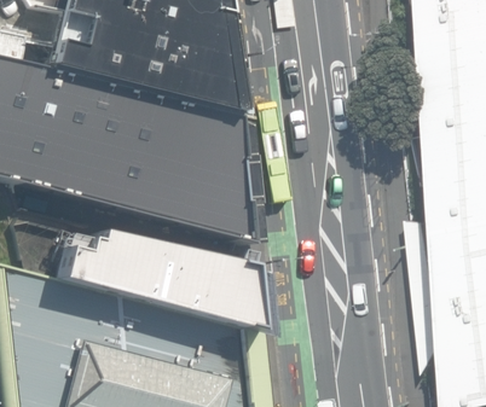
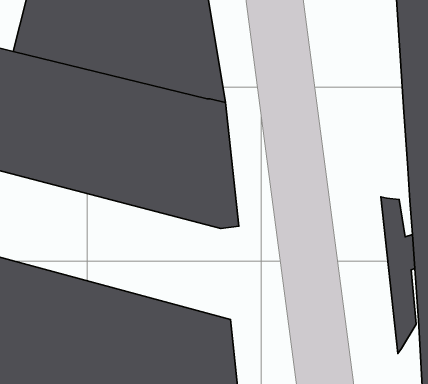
building: [46,229,272,339] -> none

